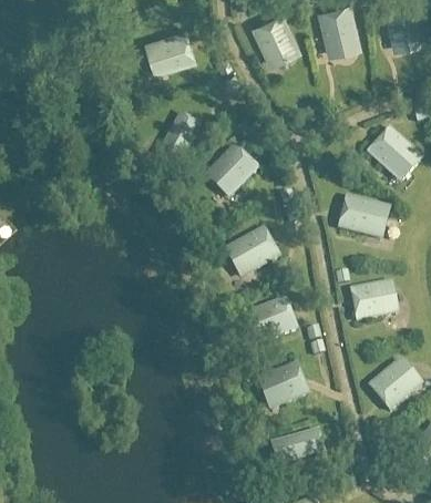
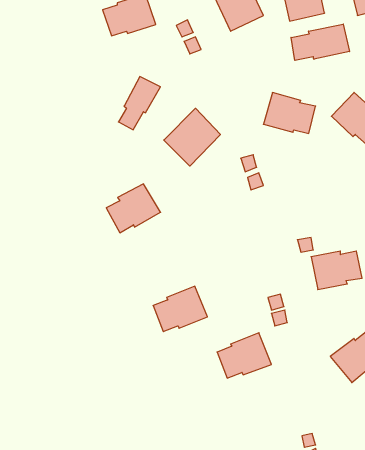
building: none -> [291,24,349,60]
building: [337,194,388,234] -> [263,93,316,133]
building: [226,226,279,274] -> [106,184,161,233]
building: [244,296,297,340] -> [153,286,207,332]
building: [271,429,324,459] -> none

